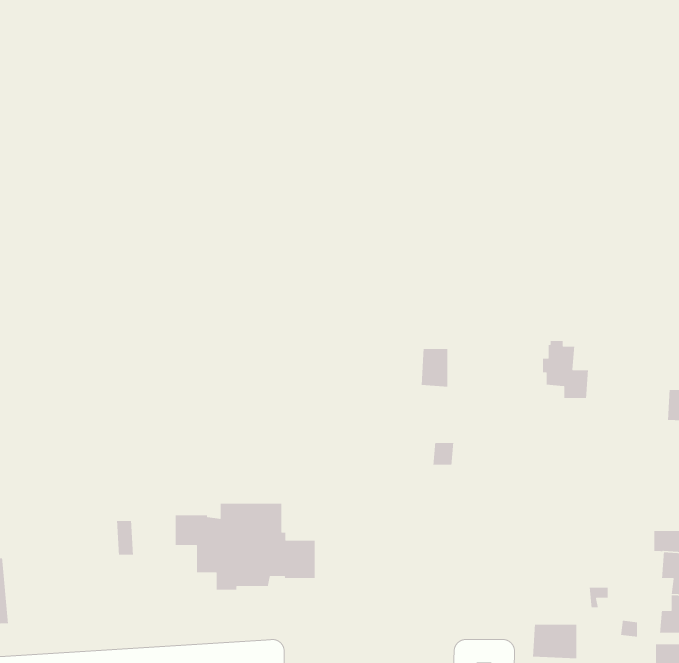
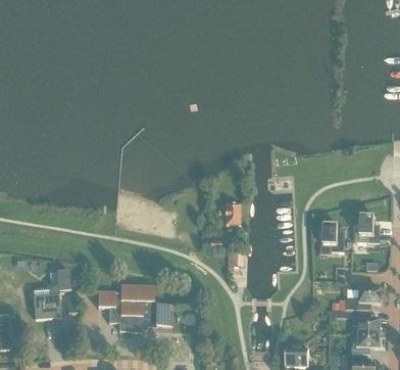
building: [542,340,589,399] -> [322,223,347,253]
building: none -> [33,270,70,320]

